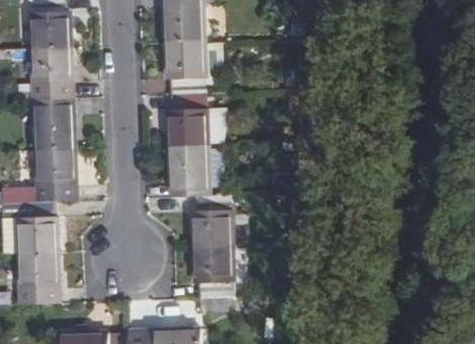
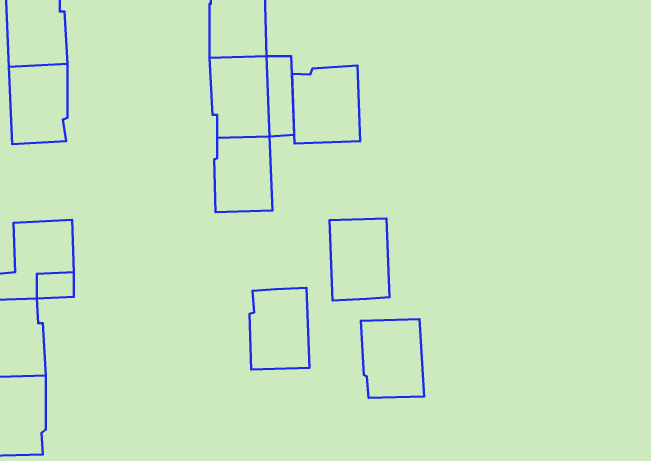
building: none -> [292,65,360,144]
building: [34,97,74,151] -> none
building: [168,143,208,197] -> [329,219,390,300]
building: [191,247,233,298] -> [361,319,424,398]

